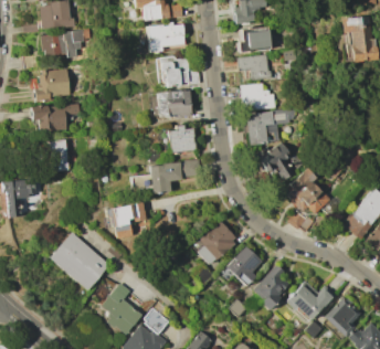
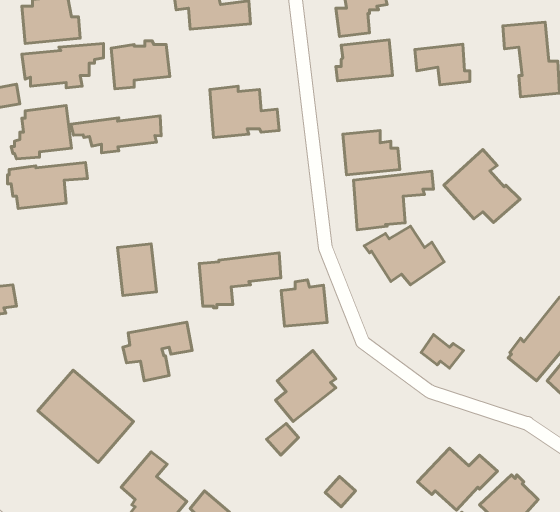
building: [148,22,184,52] -> [111,41,170,89]
building: [238,54,272,80] -> [415,44,470,85]
building: none -> [71,116,161,153]
building: [157,89,193,117] -> none
building: [168,124,197,152] -> [281,280,327,326]
building: [44,139,68,171] -> [118,244,157,295]
building: [283,168,330,213] -> [444,150,520,222]
building: [225,245,262,285] -> none
building: [253,264,289,309] -> none

